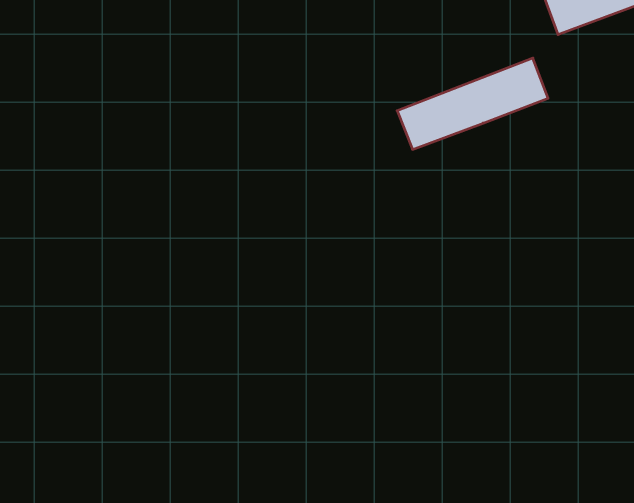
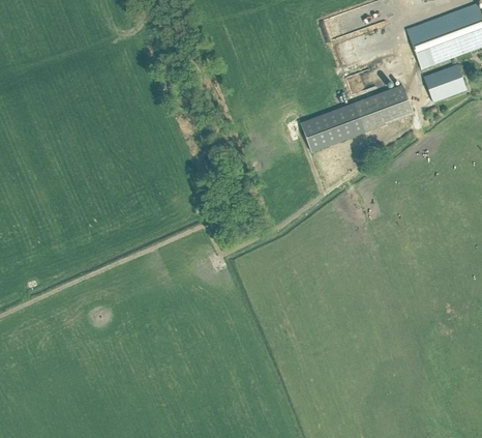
building: none -> [424,64,466,101]

